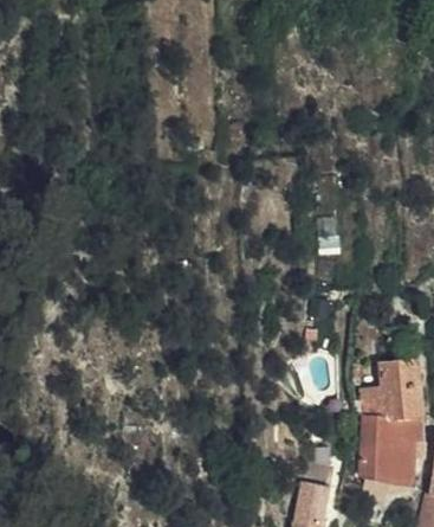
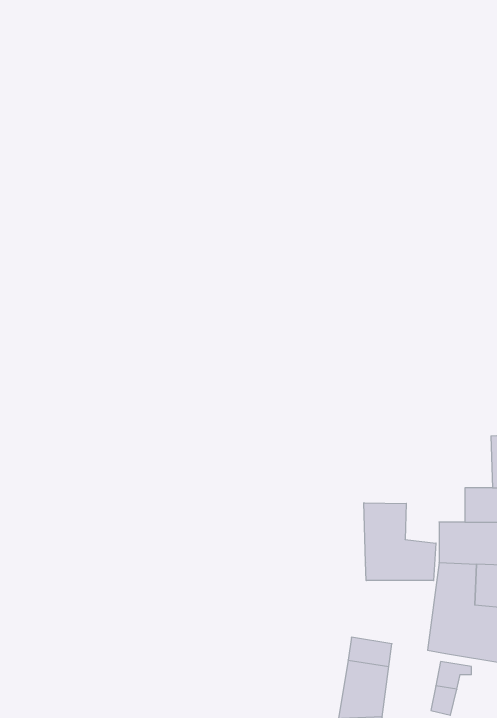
building: none -> [364,503,436,581]

